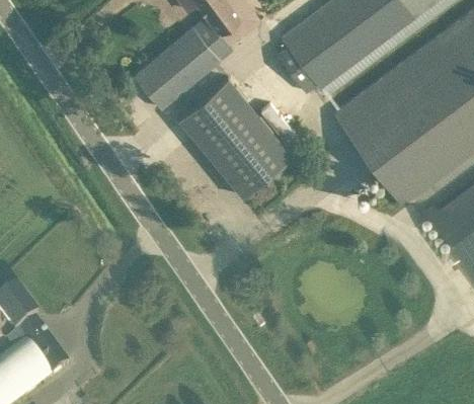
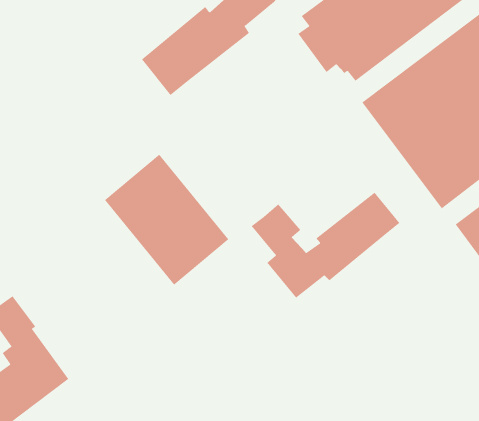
building: [179,75,294,195] -> [104,154,229,286]
building: none -> [251,192,400,299]

